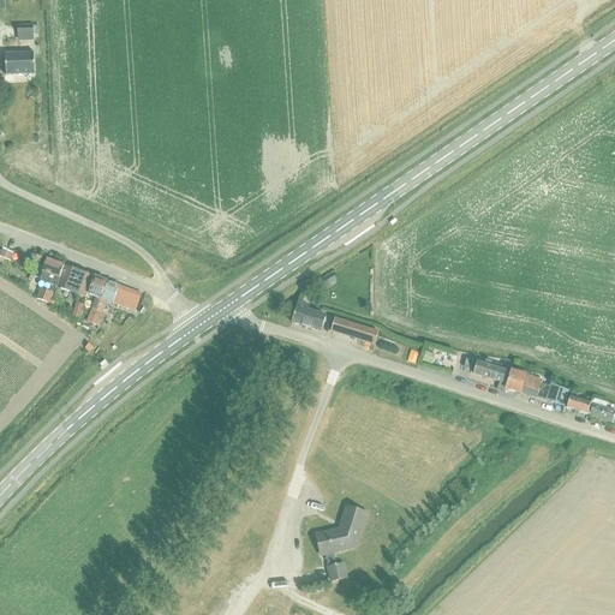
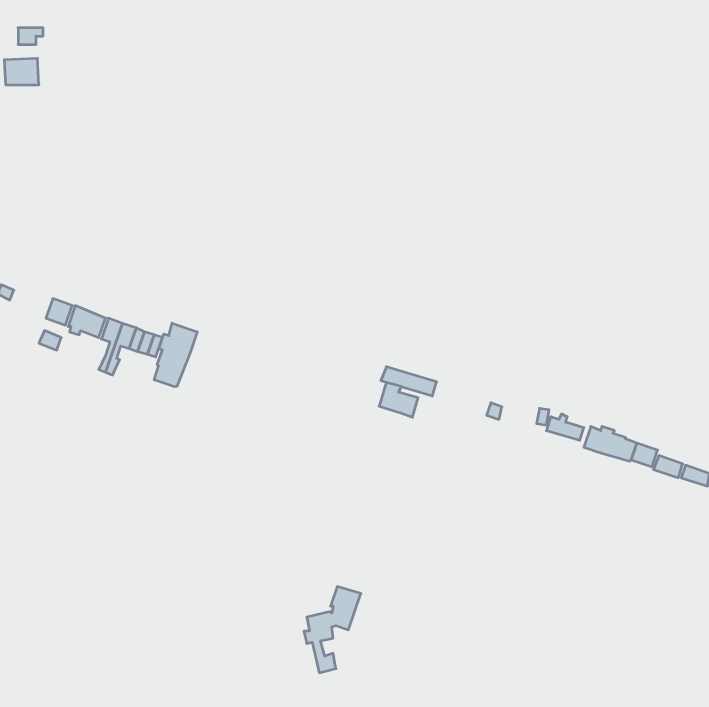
building: none -> [154,323,197,387]
building: [291,300,324,330] -> [379,382,418,417]
building: [317,504,366,579] -> [304,587,361,673]

